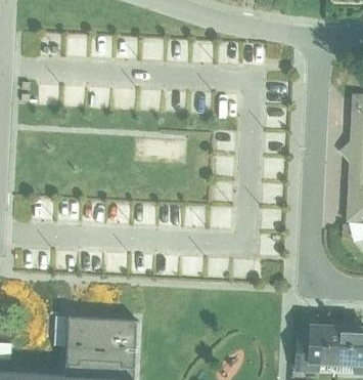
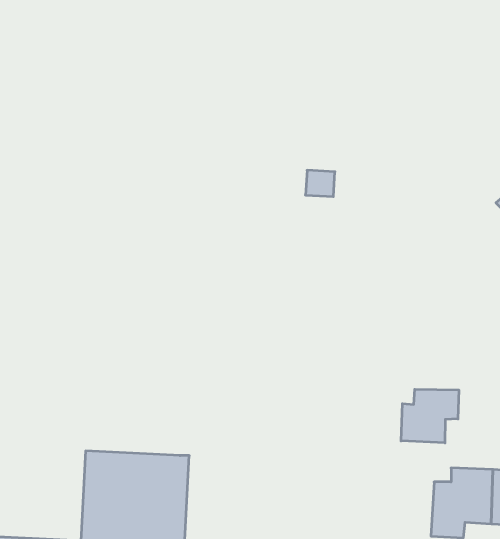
building: none -> [401,389,459,443]

